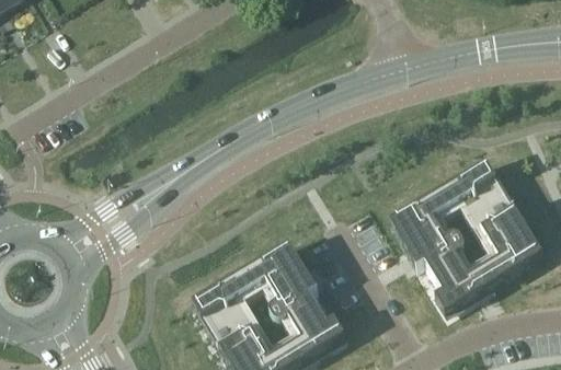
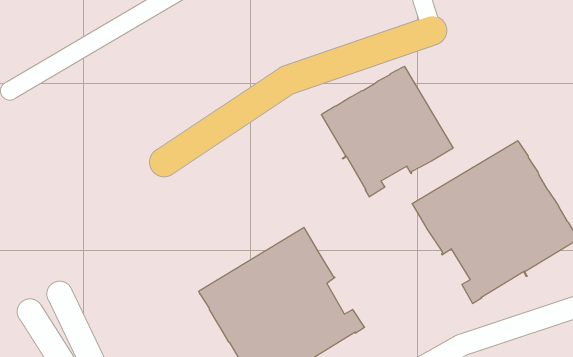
building: none -> [321,66,453,197]

